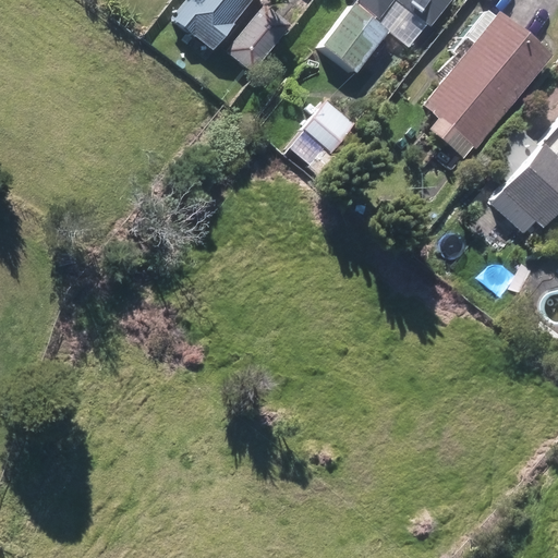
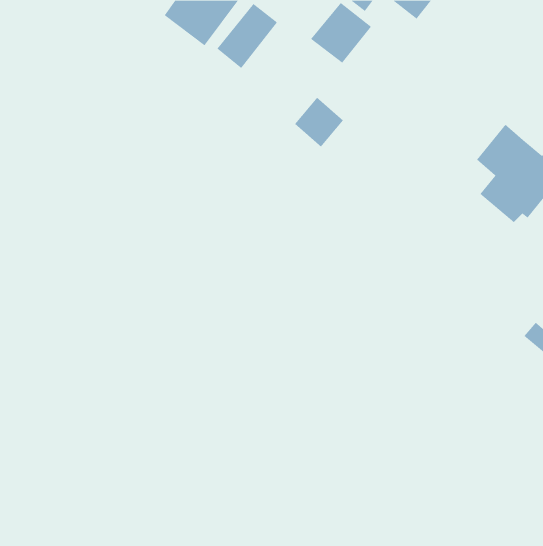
building: [425,14,548,146] -> none

